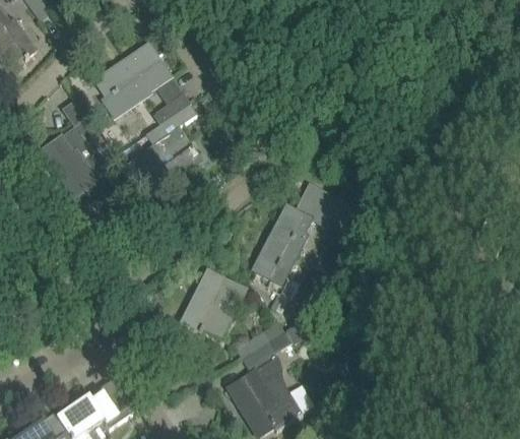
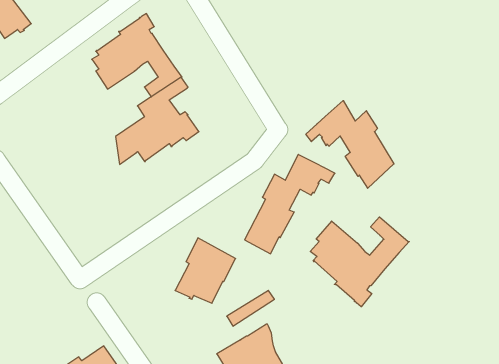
building: [36,118,113,204] -> none
building: none -> [306,101,394,188]
building: none -> [310,217,409,307]
building: [241,332,290,374] -> none

